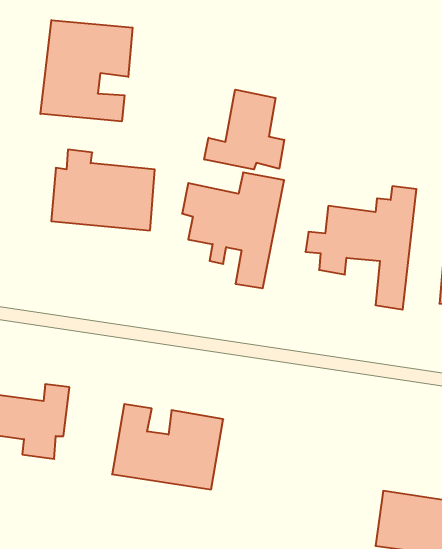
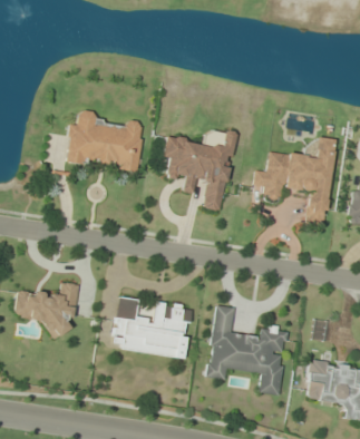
building: [40,20,133,121] -> none
building: [204,90,284,169] -> none
building: none -> [205,305,286,397]

